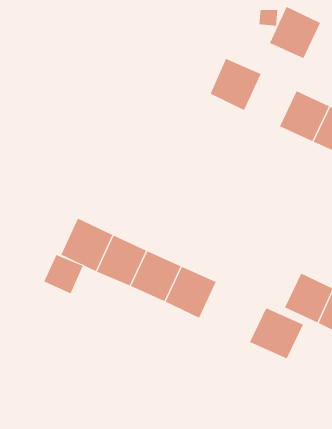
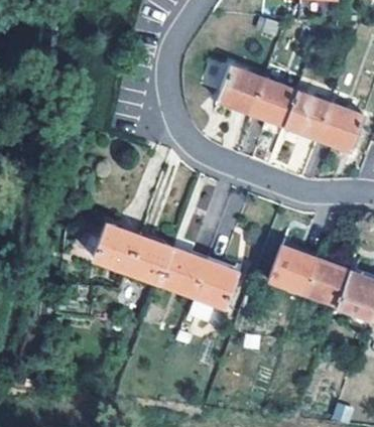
building: [269,6,321,59] -> [253,79,299,126]
building: [44,254,83,294] -> none
building: [249,308,304,359] -> [267,247,317,293]

